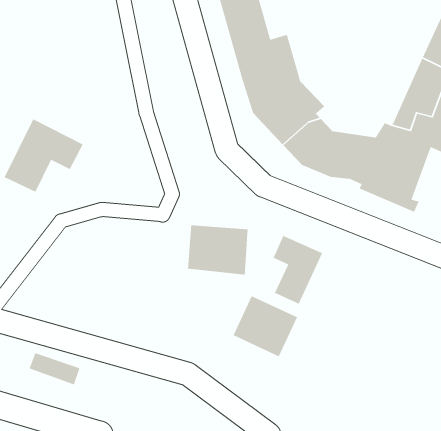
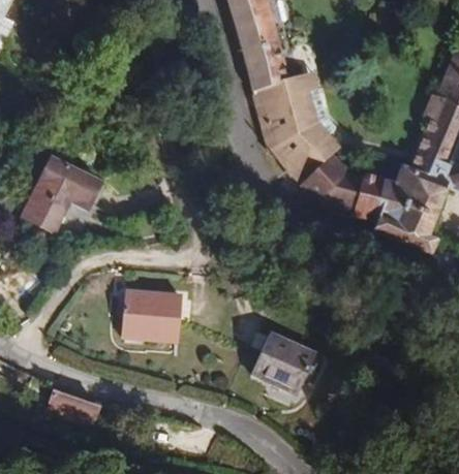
building: [187,225,249,276] -> [121,290,182,341]
building: [272,235,323,305] -> none

